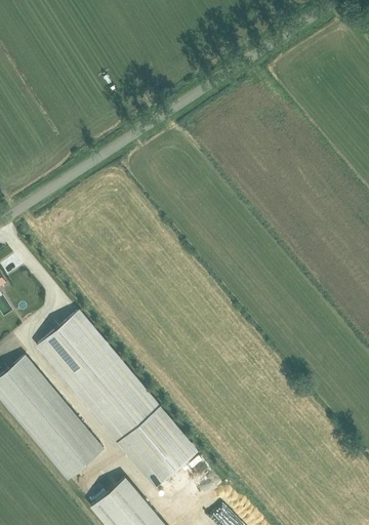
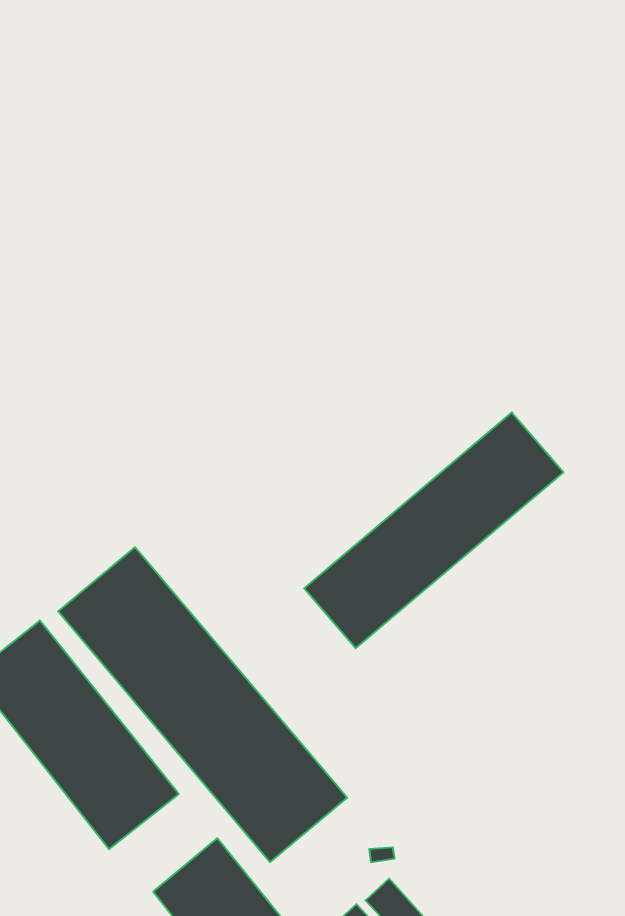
building: none -> [304,412,563,648]

